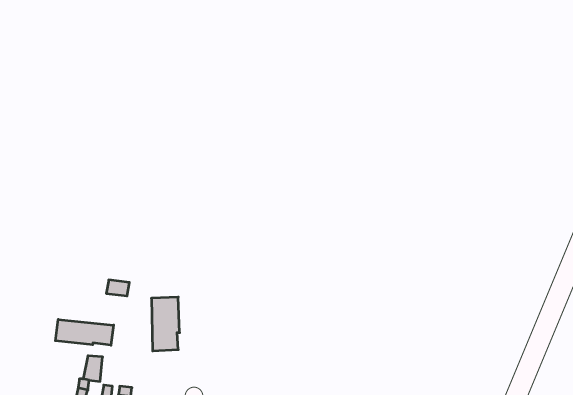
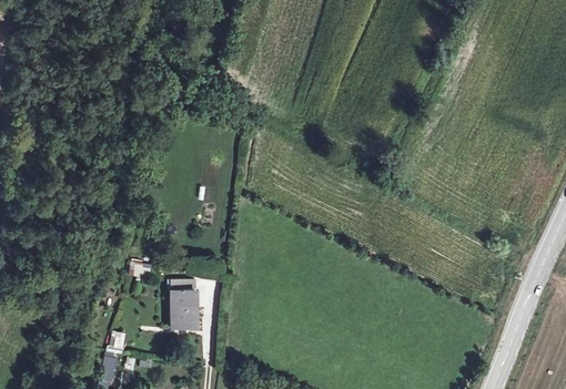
building: [55,319,114,345] -> none

